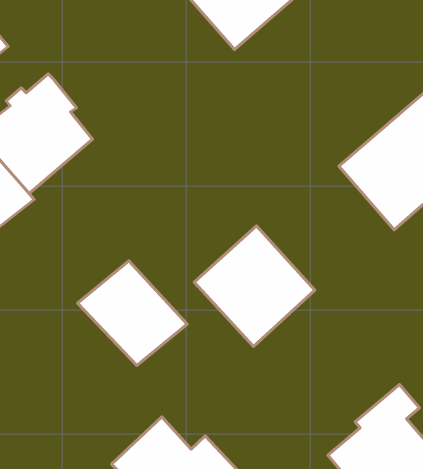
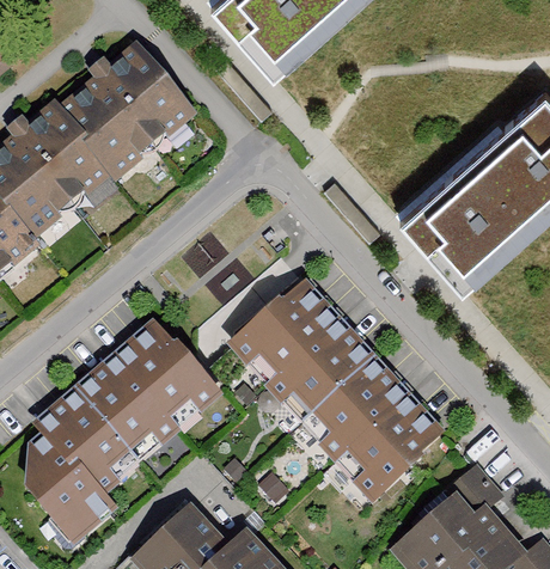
building: none -> [63,42,198,182]
building: none -> [301,355,447,501]
building: none -> [25,371,163,546]

